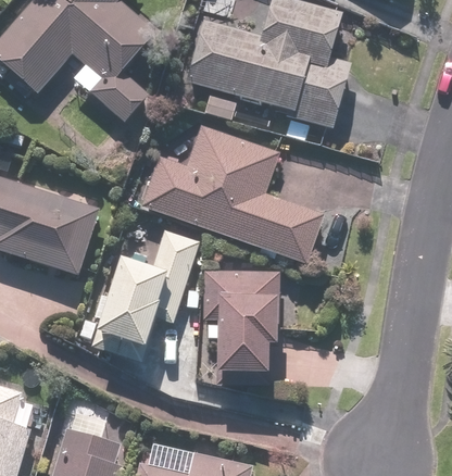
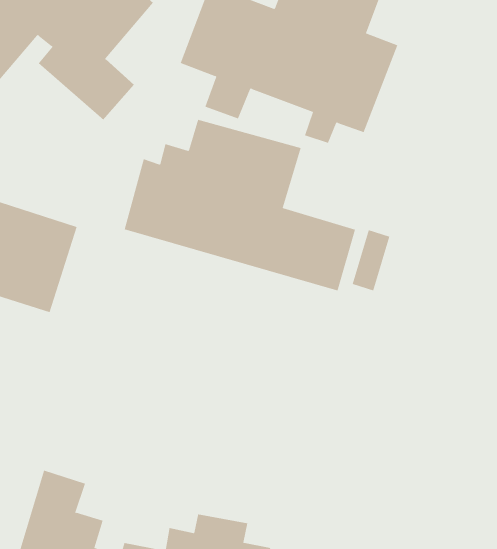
building: [88,231,197,362] -> none
building: [201,261,280,384] -> none

